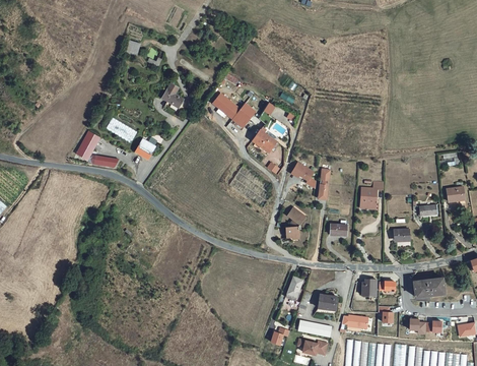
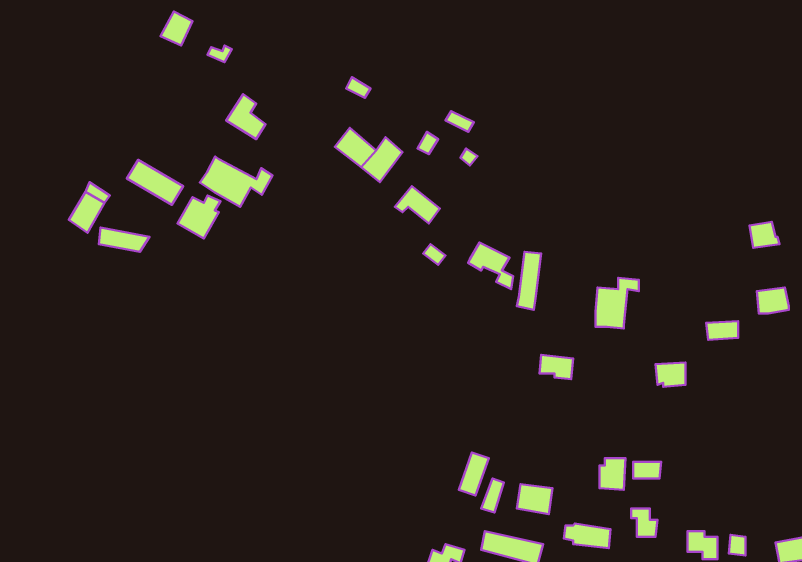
building: none -> [200,157,272,207]
building: [285,208,306,240] -> none
building: [413,277,446,296] -> none

